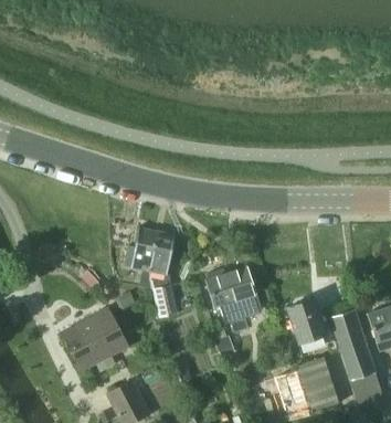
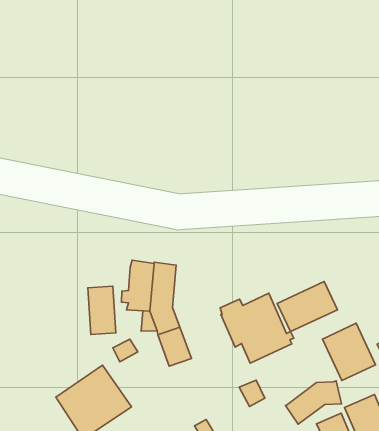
building: none -> [88,286,116,335]
building: none -> [277,282,337,332]
building: none -> [285,381,342,424]

